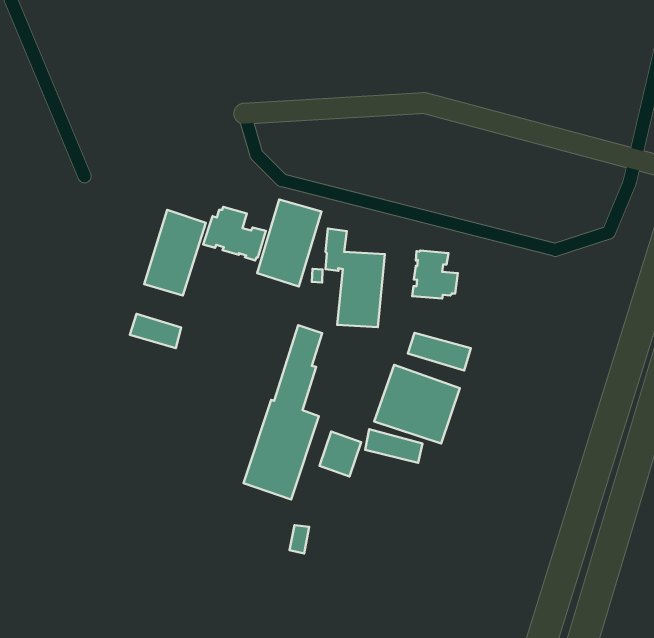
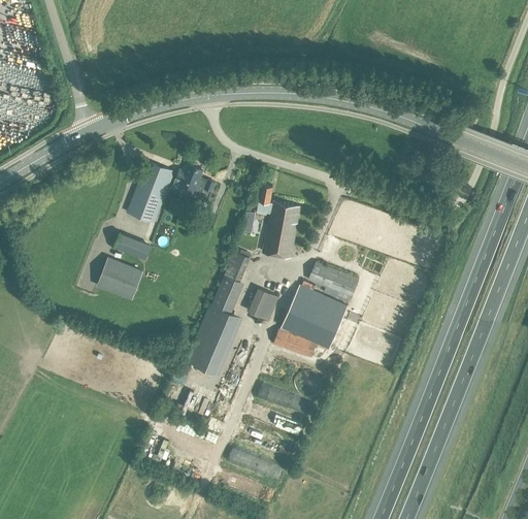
building: [257,199,322,287] -> none
building: [412,250,458,299] -> none
building: none -> [96,259,141,299]
building: [320,432,361,476] -> [248,288,278,321]

